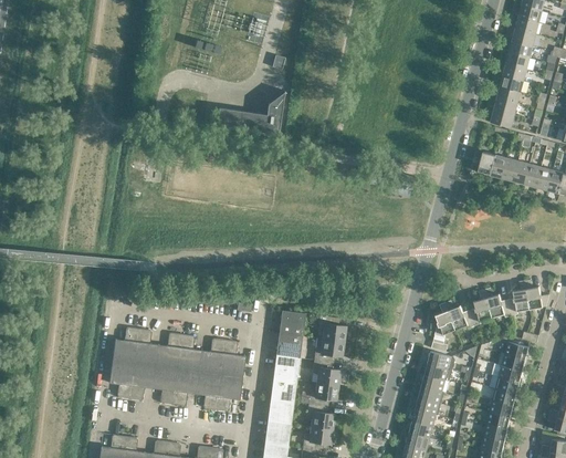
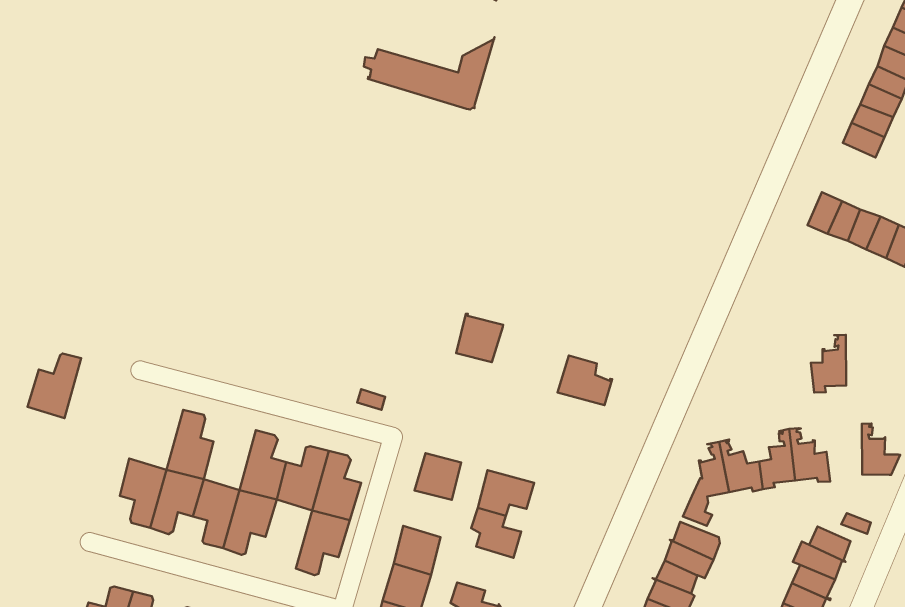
building: [507,280,530,315] -> [811,335,846,393]
building: [280,310,304,335] -> [456,314,503,362]
building: [316,315,346,341] -> [558,355,612,405]
building: [112,327,138,364] -> [27,354,81,418]
building: [156,333,181,369] -> none
building: [273,355,298,379] -> none
building: [196,372,220,409] -> none
building: [308,382,338,406] -> none

